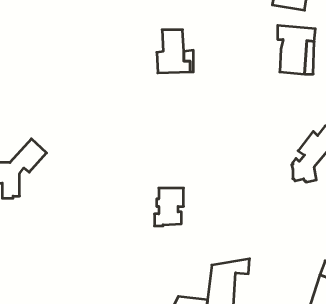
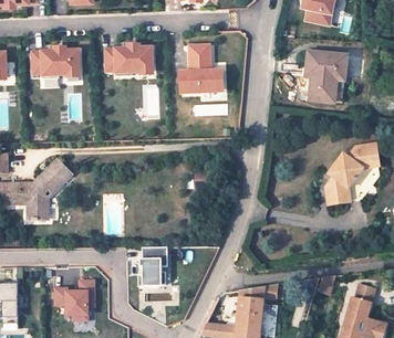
building: none -> [106,47,155,76]
building: none -> [30,50,77,77]
building: [154,188,184,226] -> [137,247,167,286]
building: none -> [55,281,93,320]

